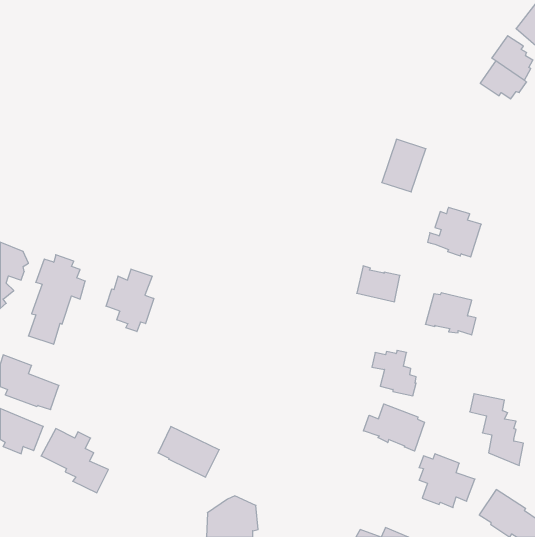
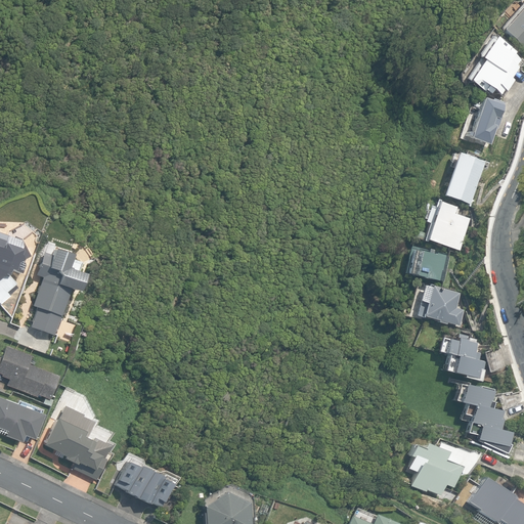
building: none -> [467,97,505,143]
building: [382,139,426,192] -> [442,151,485,203]
building: [357,266,400,302] -> [408,247,450,281]
building: [106,269,154,332] -> none
building: [372,350,416,396] -> [443,336,486,380]
building: [363,404,424,451] -> none
building: [158,427,219,477] -> [116,458,175,508]

